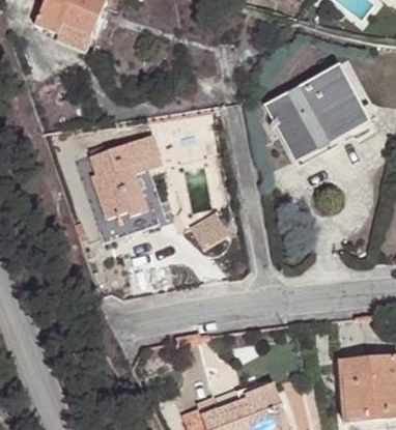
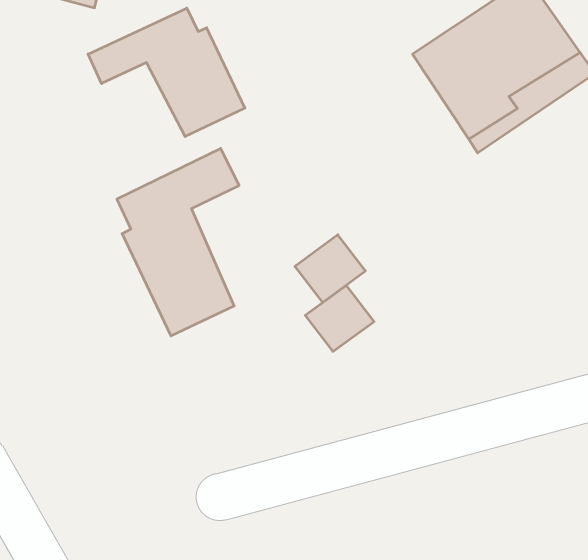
building: none -> [88,8,245,137]

